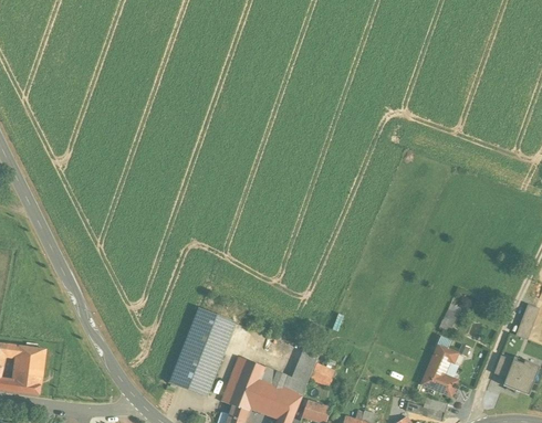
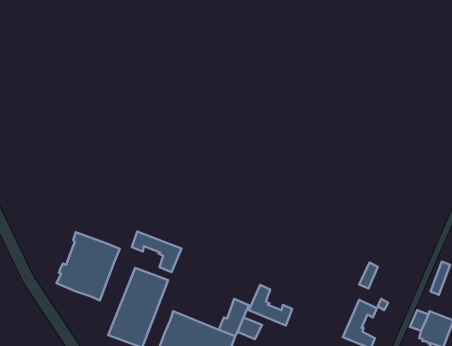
building: none -> [132,232,182,272]
building: none -> [57,232,120,300]
building: none -> [249,285,292,325]

